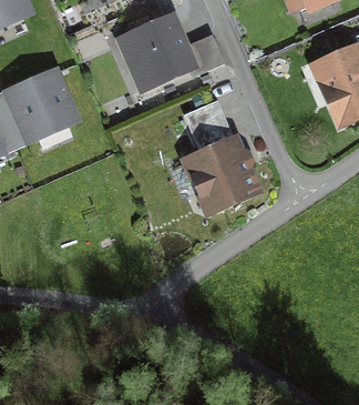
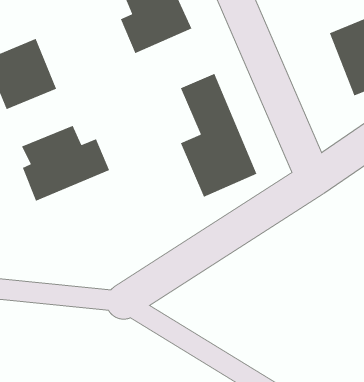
building: none -> [21,125,110,202]

